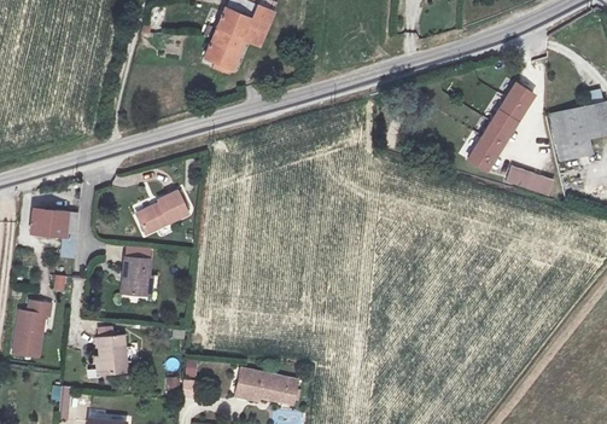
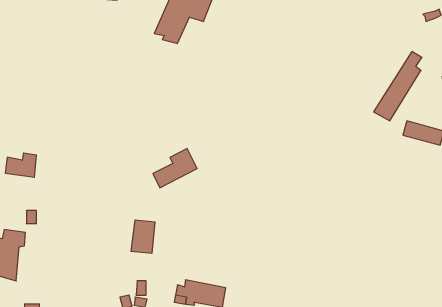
building: [126,186,179,233] -> [153,148,197,188]
building: [113,254,142,294] -> [131,220,155,253]
building: [88,335,121,376] -> none

